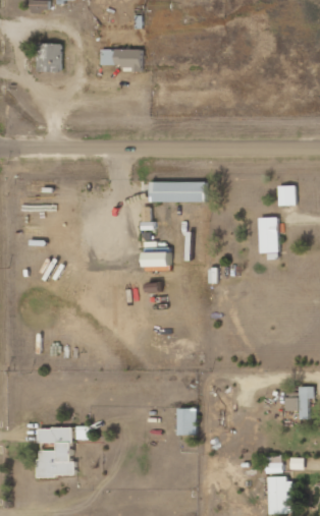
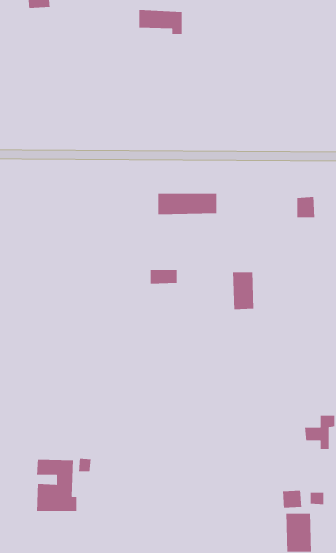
building: [37,43,61,71] -> none
building: [100,48,141,71] -> [138,9,183,35]
building: [257,218,277,253] -> [232,272,254,310]
building: [176,409,196,435] -> none

